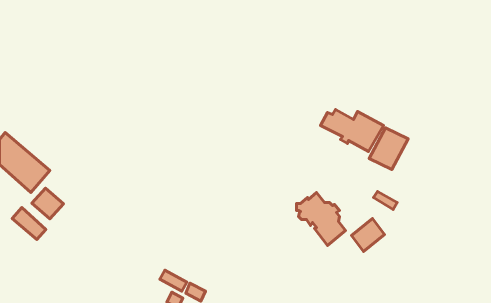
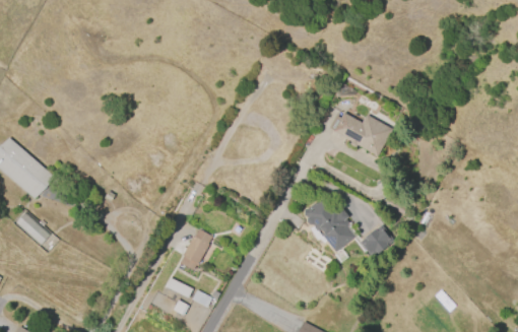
building: [369,128,408,170] -> none
building: [32,188,64,219] -> none
building: none -> [180,229,211,270]

